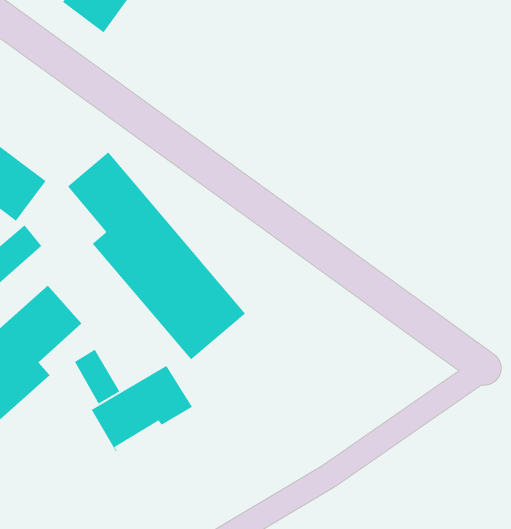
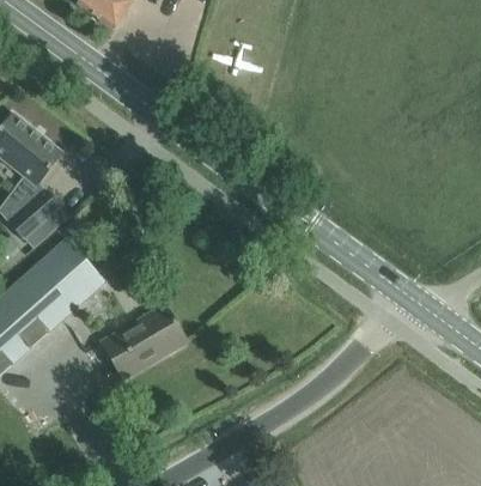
building: [67,152,246,360] -> none
building: [74,349,120,404] -> none

